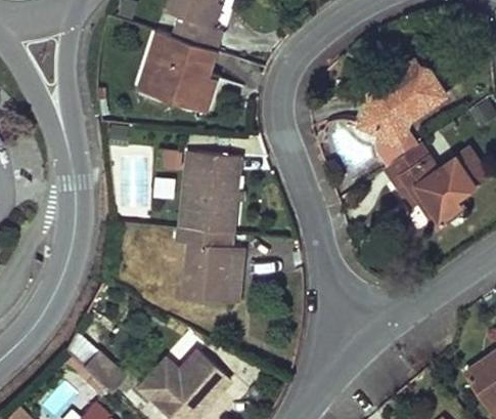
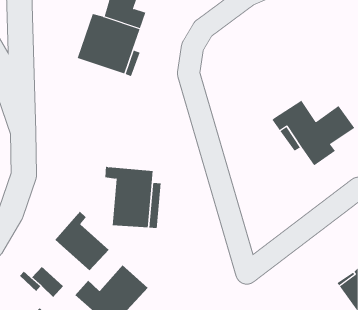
building: [361,60,440,164] -> none
building: [179,151,241,232] -> none
building: none -> [54,211,110,271]

